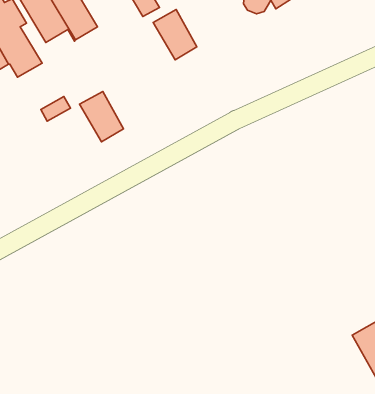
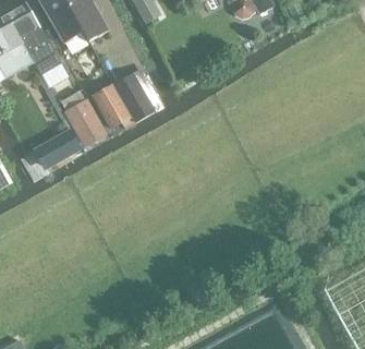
building: [153,9,197,60] -> [115,74,153,117]
building: none -> [69,103,106,144]
building: none -> [39,130,84,168]

